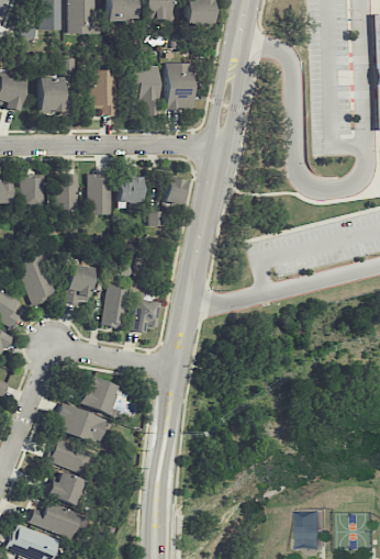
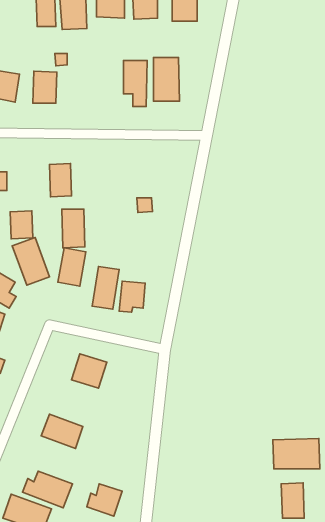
building: [93,69,118,114] -> none
building: [89,175,113,215] -> [62,209,85,248]
building: [22,176,46,205] -> [10,211,33,239]
building: [119,177,143,202] -> none
building: [165,177,185,205] -> none
building: [55,403,108,444] -> none
building: none -> [273,438,320,469]
building: [47,471,85,505] -> [87,484,122,516]

